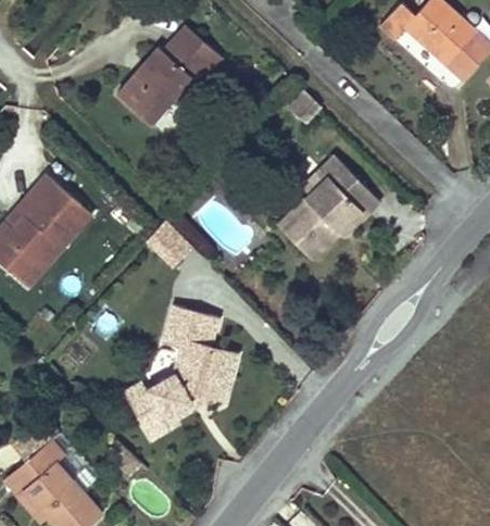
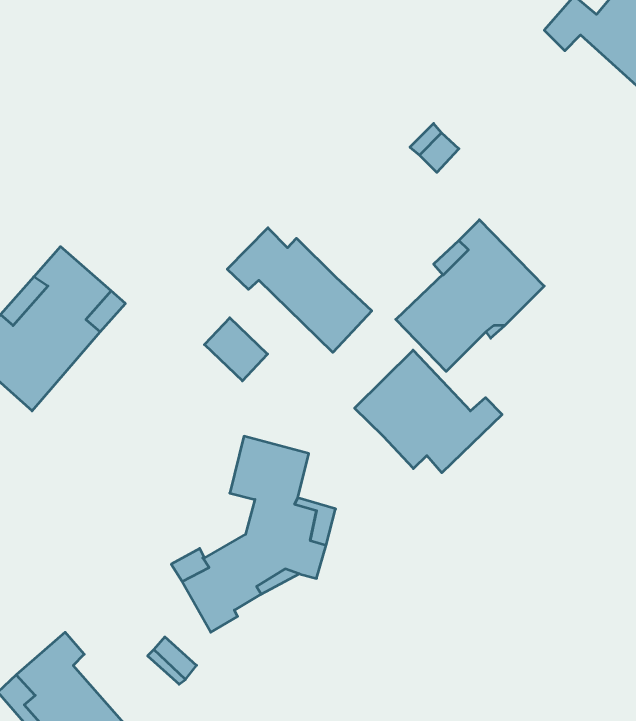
building: [117,24,222,123] -> none
building: none -> [227,228,372,352]
building: none -> [355,350,502,473]

